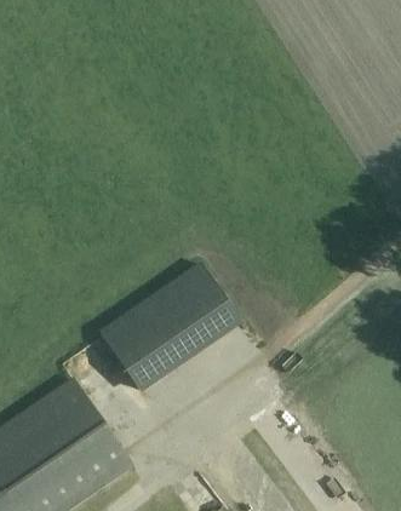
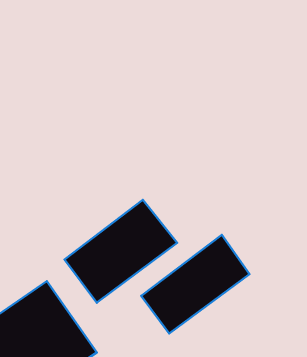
building: none -> [141,235,249,333]

